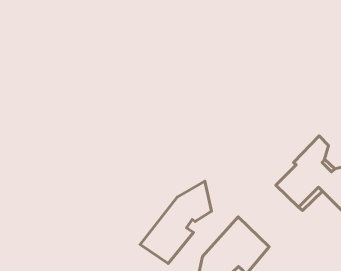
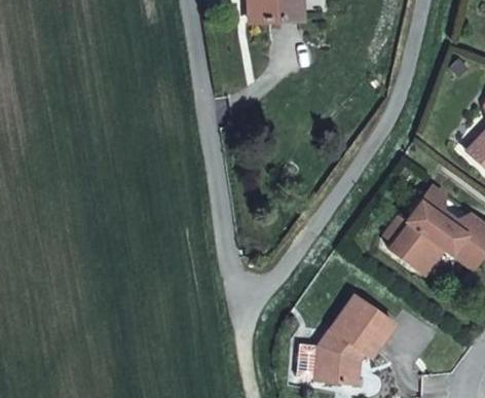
building: [140,181,211,263] -> none

